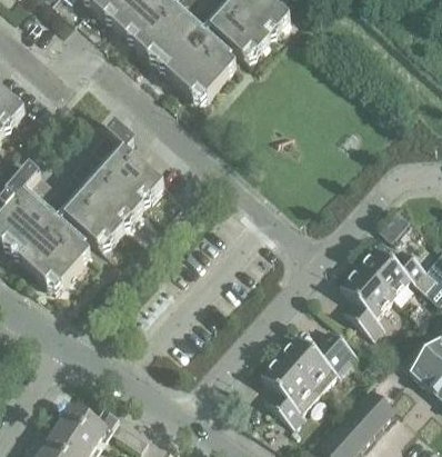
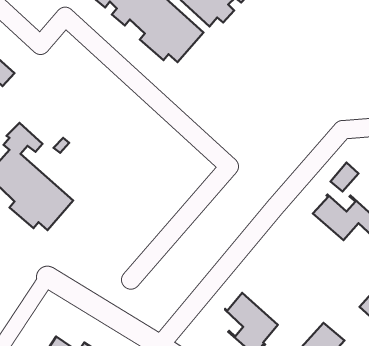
building: [66,121,164,245] -> none
building: [340,266,393,337] -> none
building: [280,327,359,390] -> none

